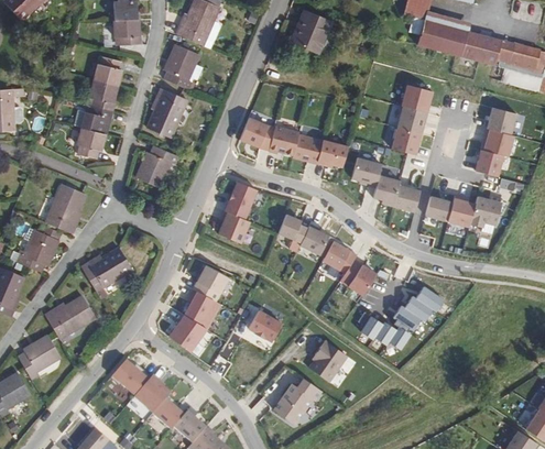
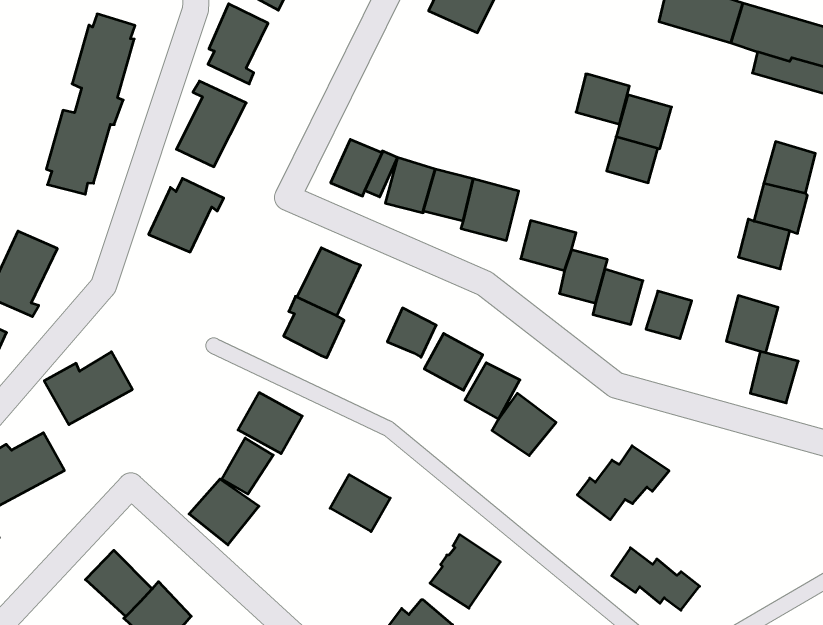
building: [391,128,421,155] -> [576,74,629,124]
building: [447,198,473,227] -> [750,351,798,403]
building: [356,313,406,347] -> [612,548,700,610]

